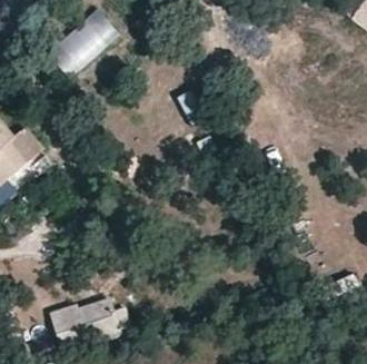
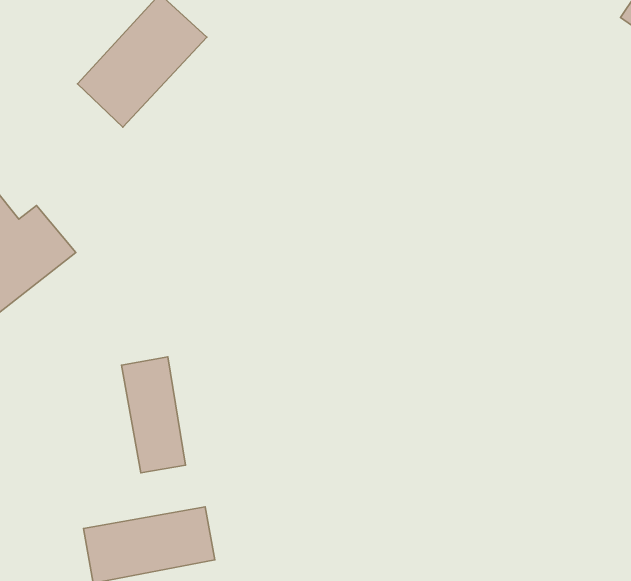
building: none -> [121,357,186,473]

